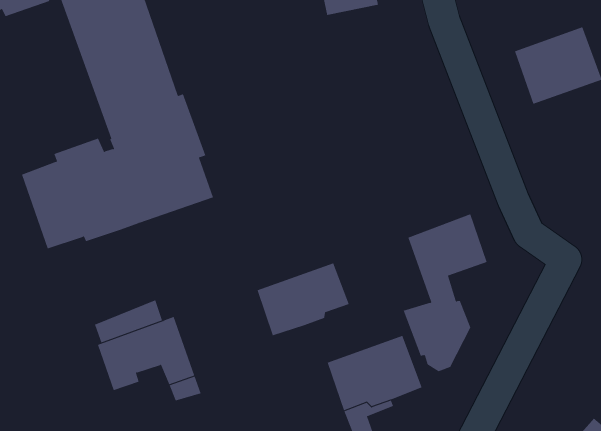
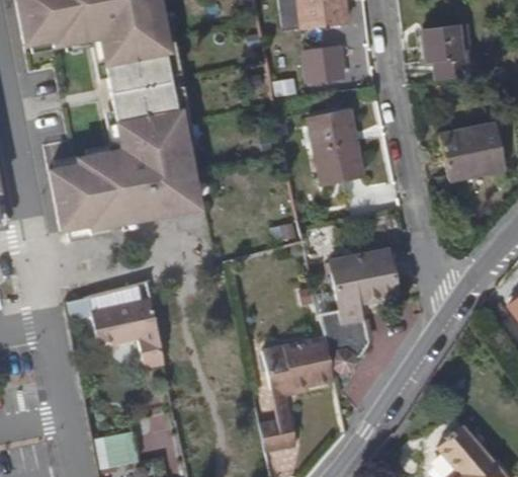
building: none -> [309,110,365,184]
building: [257,262,350,336] -> none

